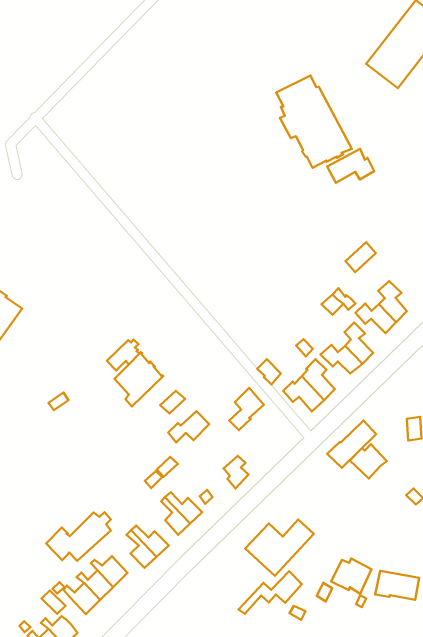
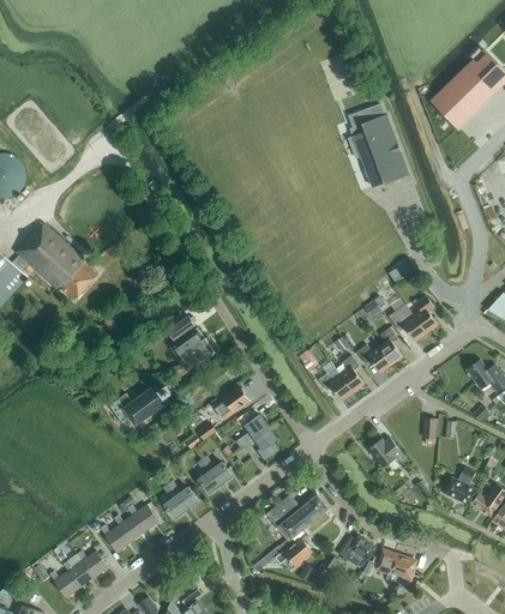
building: [327,149,374,183] -> none
building: [229,388,264,430] -> [239,414,271,450]
building: [327,420,376,468] -> none
building: [46,512,111,561] -> [110,384,170,425]

